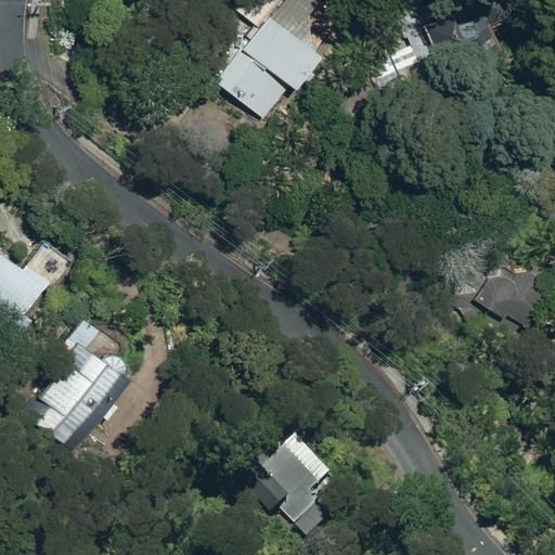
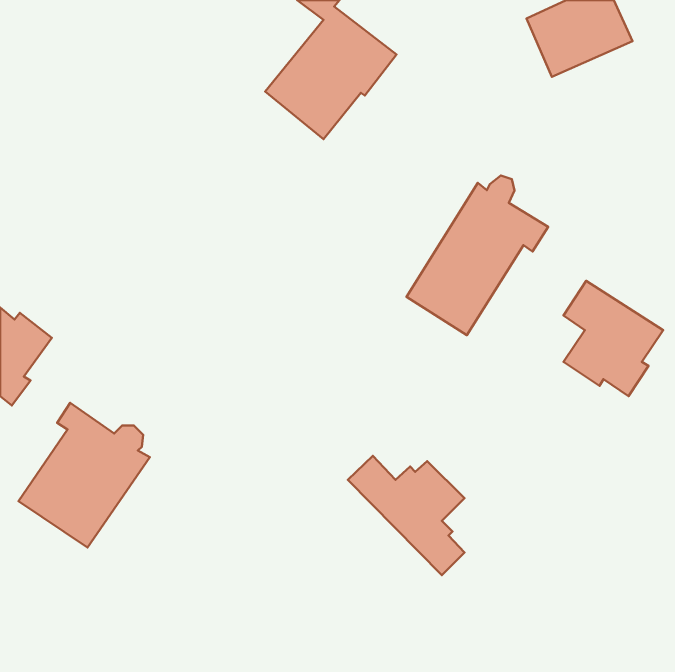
building: none -> [406,176,548,335]
building: [233,441,328,539] -> [348,456,464,575]

